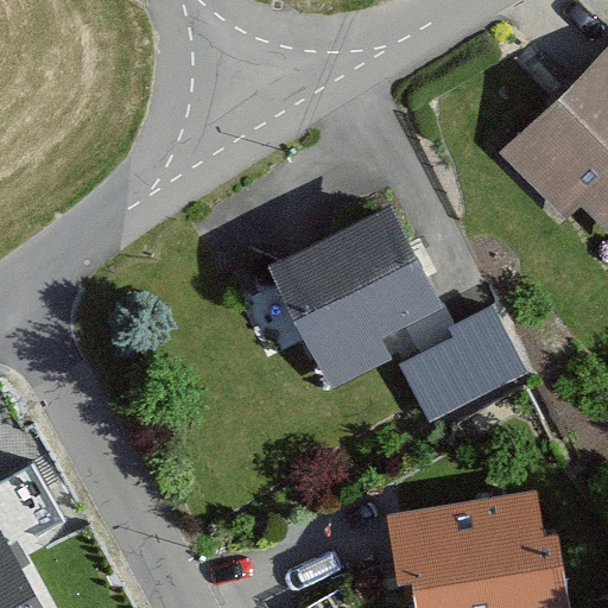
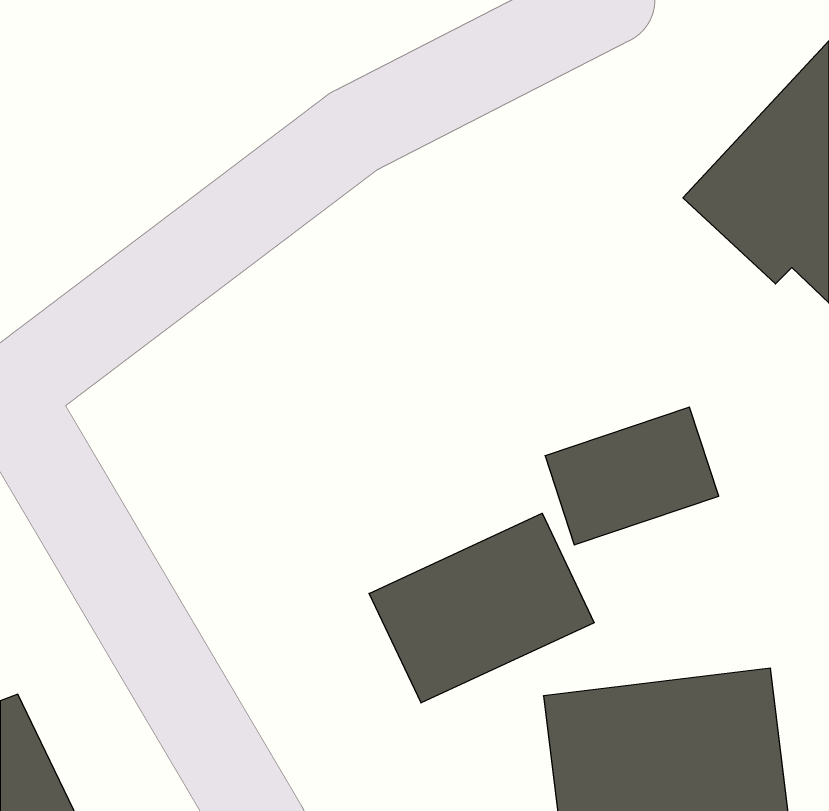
building: [255,197,445,397] -> none
building: none -> [369,513,594,703]

